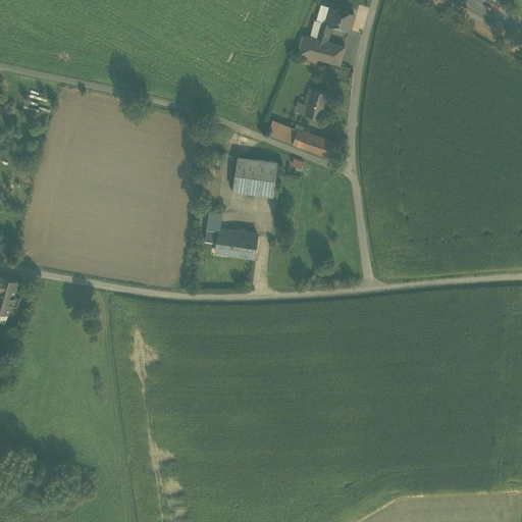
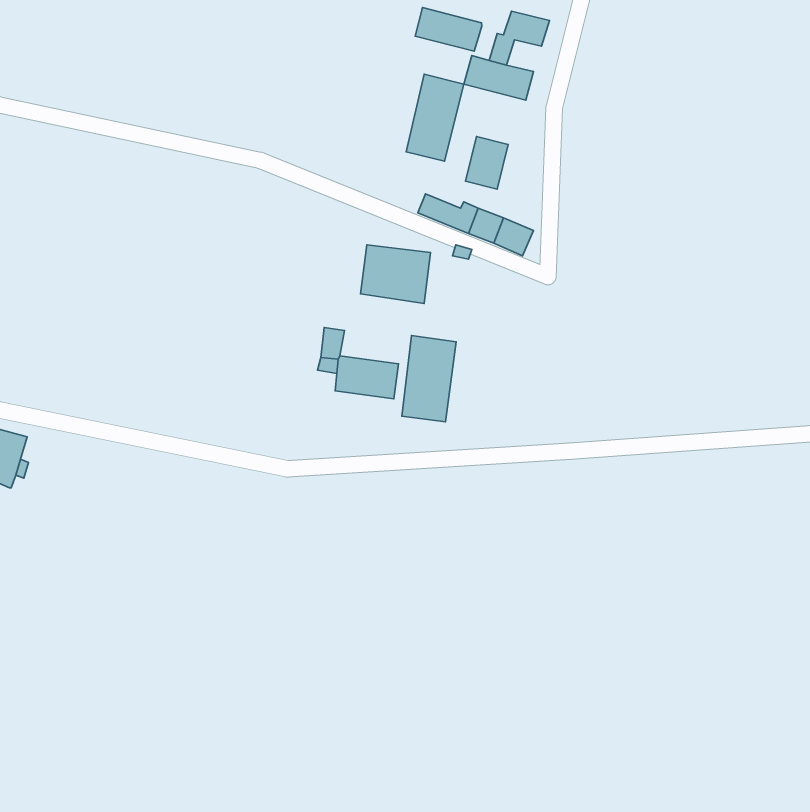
building: none -> [415,8,482,51]
building: none -> [406,74,464,161]
building: none -> [402,336,456,422]

